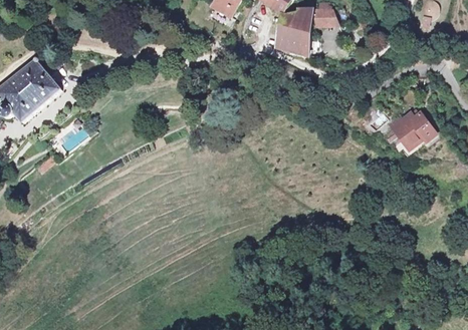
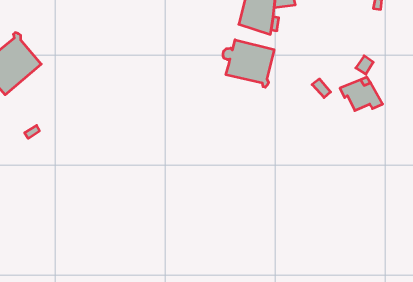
building: none -> [223,40,274,87]

